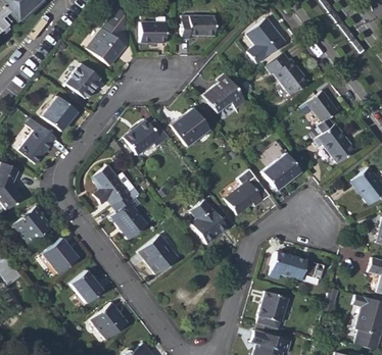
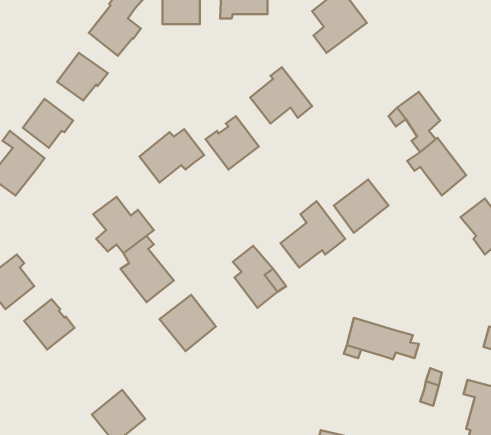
building: [267,52,309,96] -> none
building: [70,270,103,304] -> none
building: [258,291,290,322] -> none

